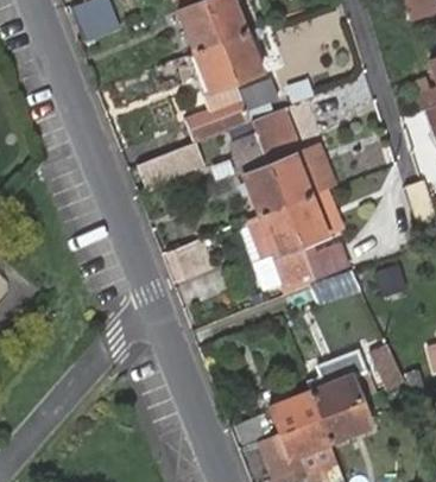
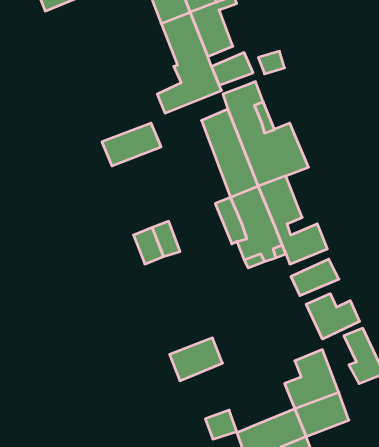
building: none -> [306,294,360,339]
building: [271,392,321,432] -> [170,338,223,381]

